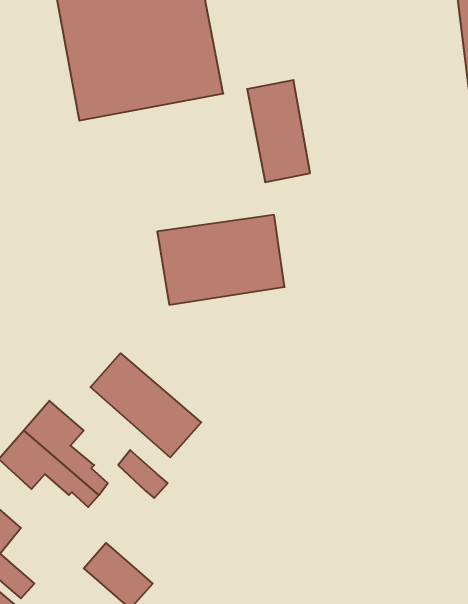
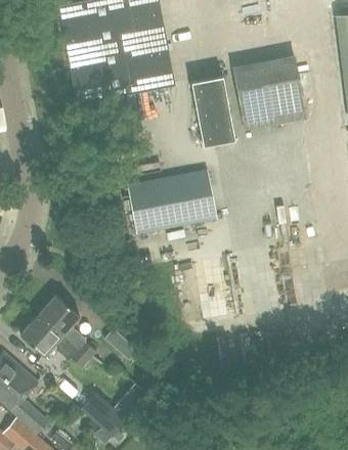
building: none -> [236,61,308,127]
building: [90,353,201,457] -> none

